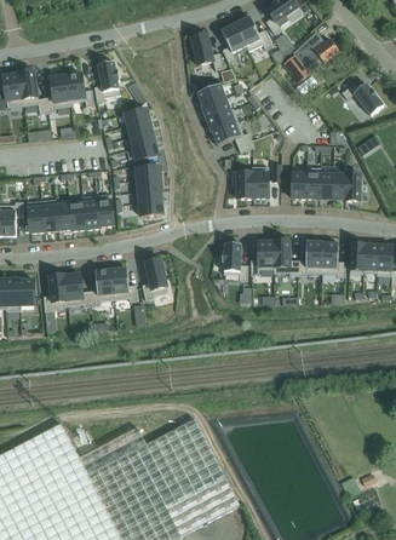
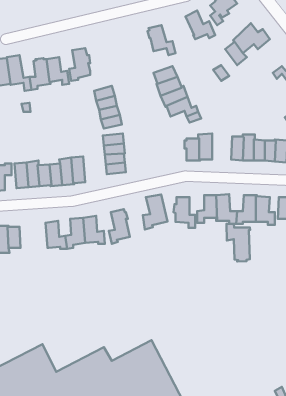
building: [220,23,246,64] -> none
building: none -> [143,195,167,230]
building: [42,274,68,311] -> none
building: none -> [227,224,250,261]

